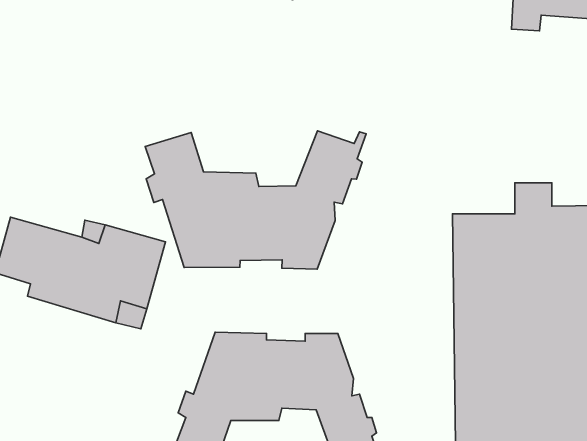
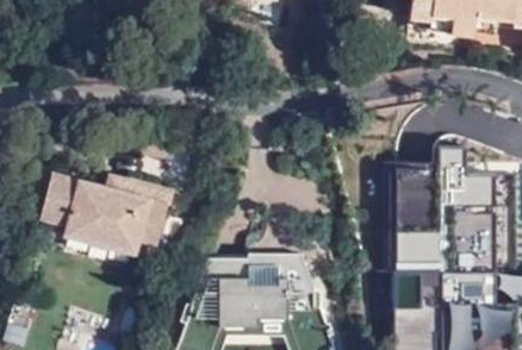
building: [145,131,366,269] -> none

